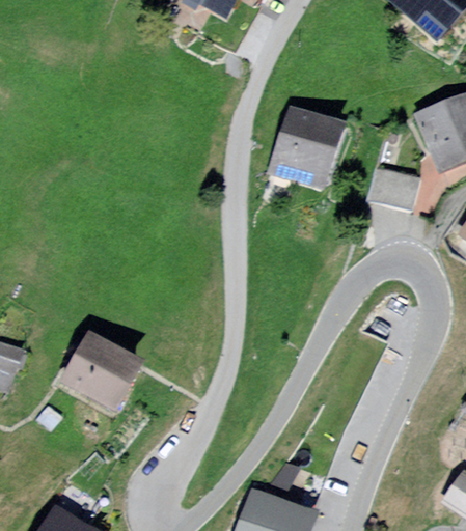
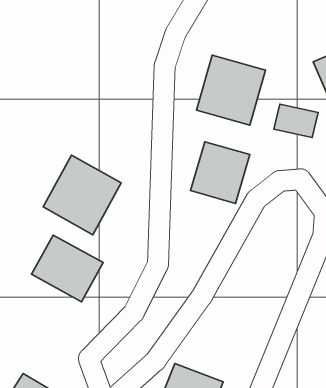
building: none -> [190,142,250,203]
building: none -> [43,155,121,235]

